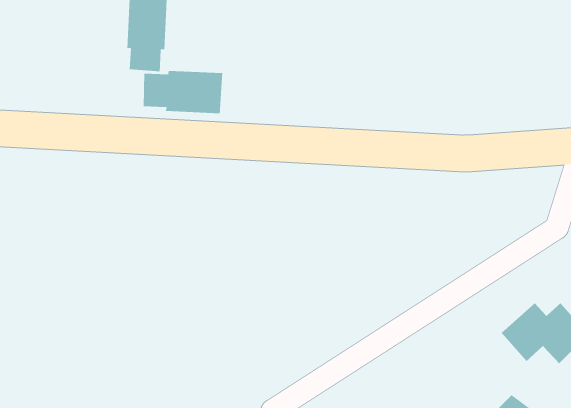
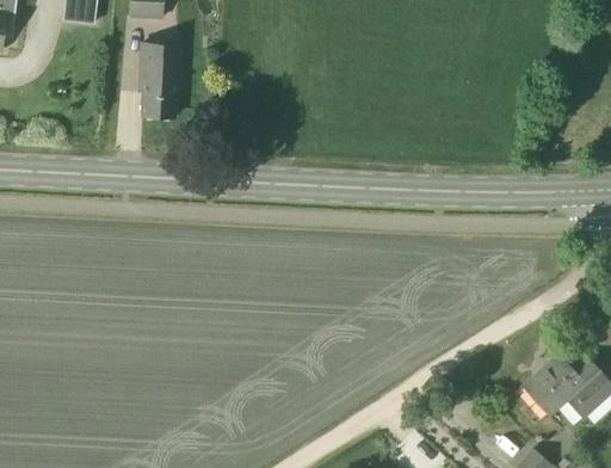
building: [143,70,223,114] -> none

